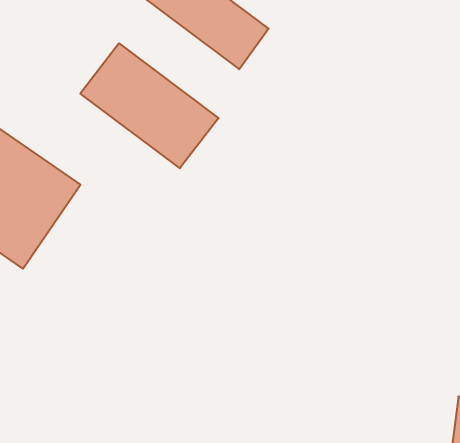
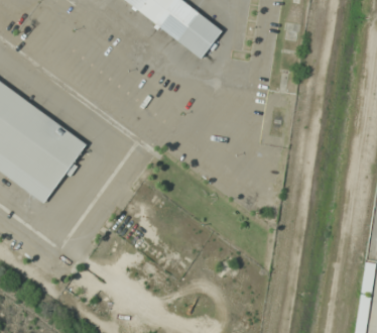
building: [80,43,219,168] -> none

